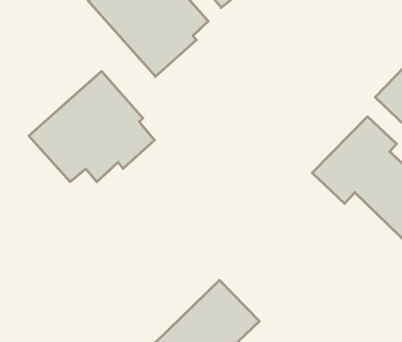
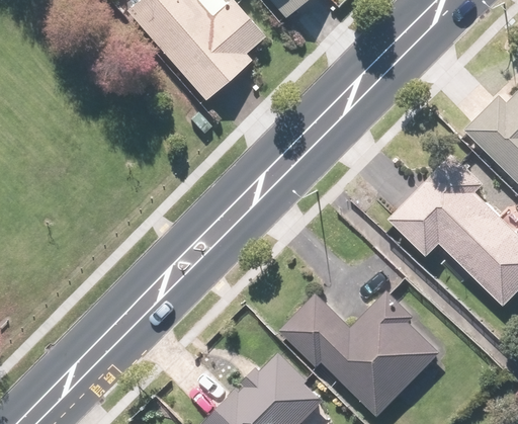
building: [29,71,155,182] -> none
building: none -> [278,290,443,416]

